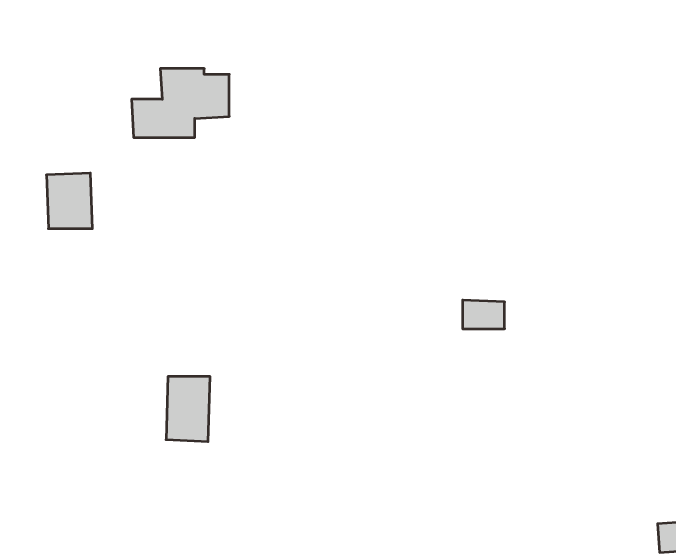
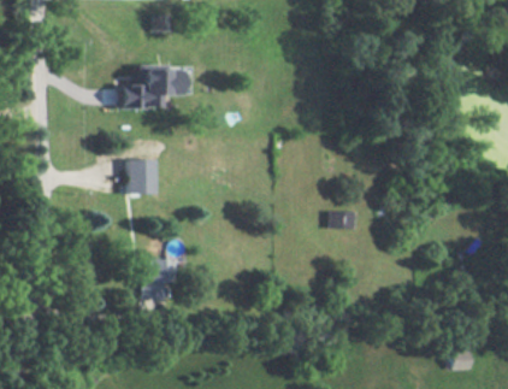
building: [46,173,92,229] -> [126,159,155,194]

